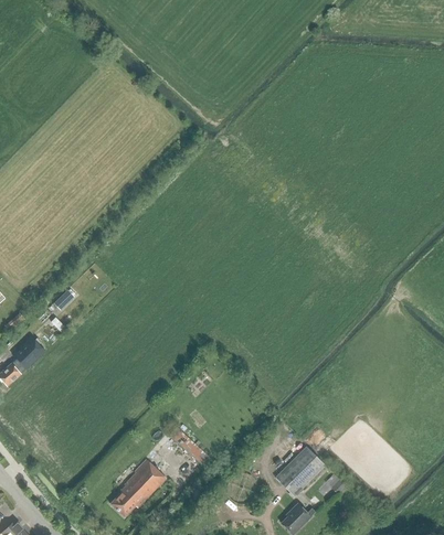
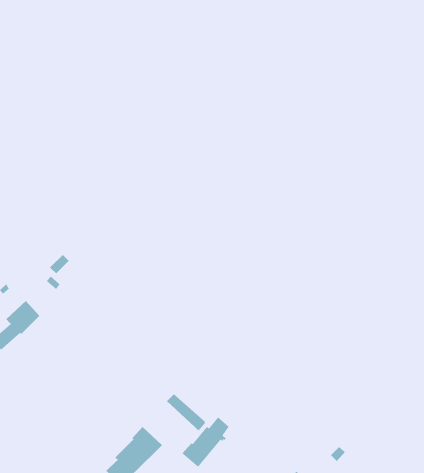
building: [274,446,325,496] -> none
building: none -> [182,417,230,468]

